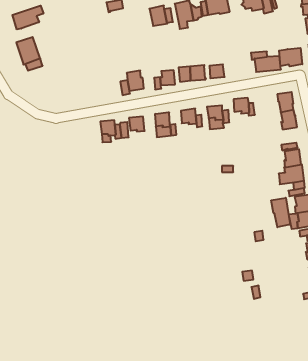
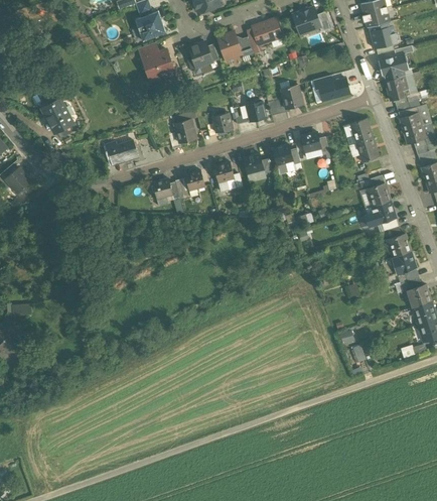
building: [12,6,43,29] -> none
building: none -> [145,46,174,74]
building: [279,48,302,66] -> none
building: none -> [281,84,303,108]
building: none -> [105,139,138,165]
building: [271,198,290,227] -> none

